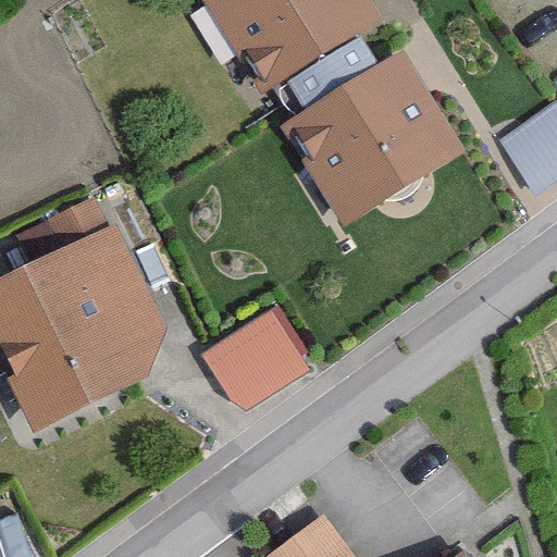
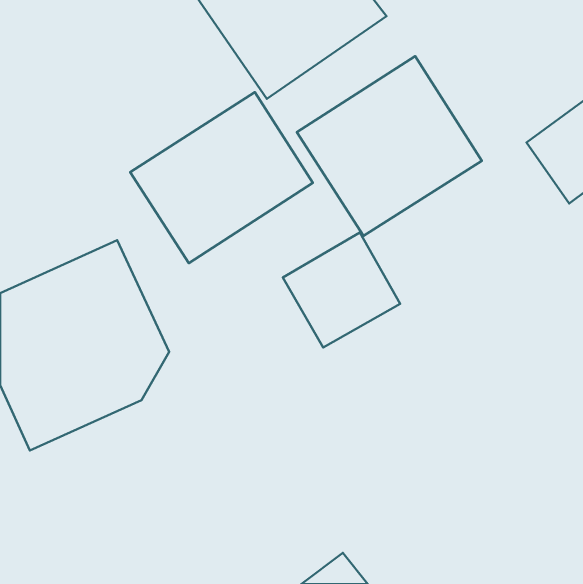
building: none -> [130,92,313,263]
building: [205,300,315,409] -> [283,233,400,348]

